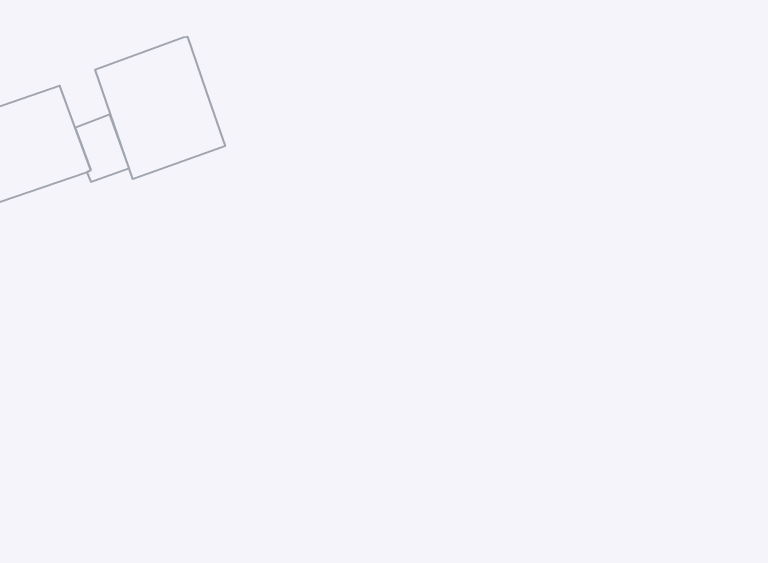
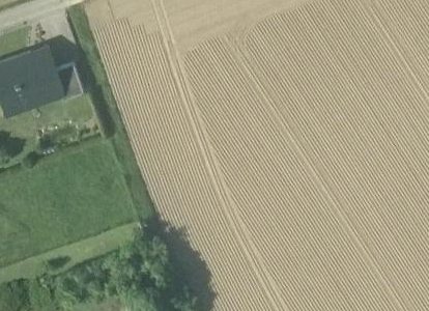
building: [95,37,225,179] -> none

